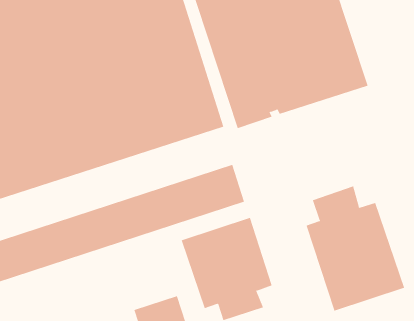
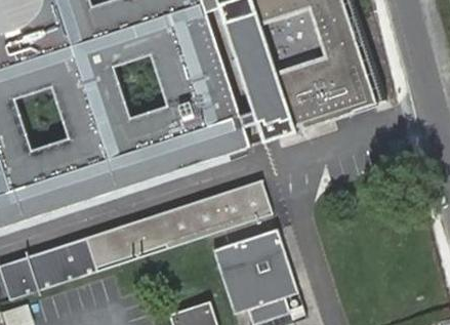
building: [306,186,405,312] -> none

